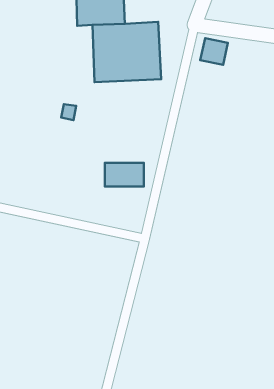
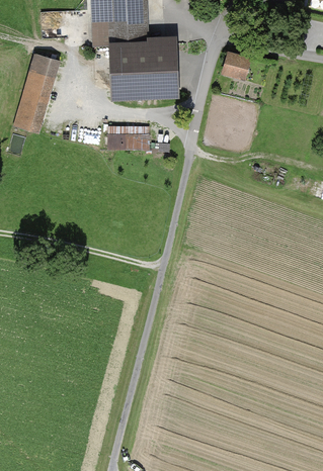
building: none -> [16,52,58,128]
building: [105,163,144,187] -> [107,125,149,151]

